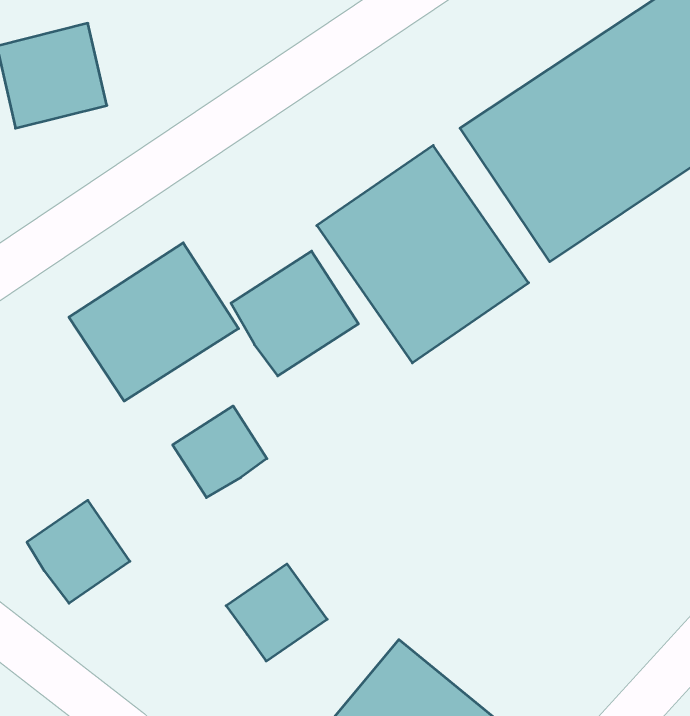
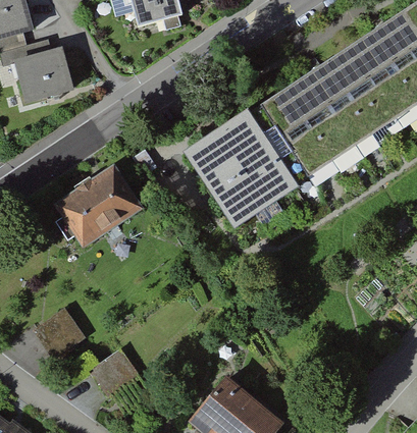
building: [231,251,358,376] -> none
building: [173,406,267,498] -> none
building: [226,564,327,661] -> [87,347,141,399]

